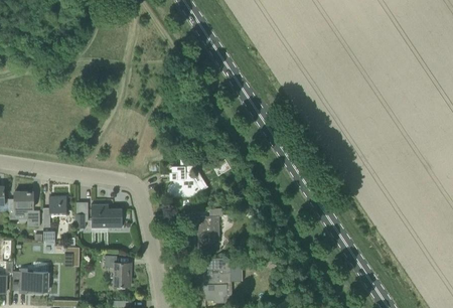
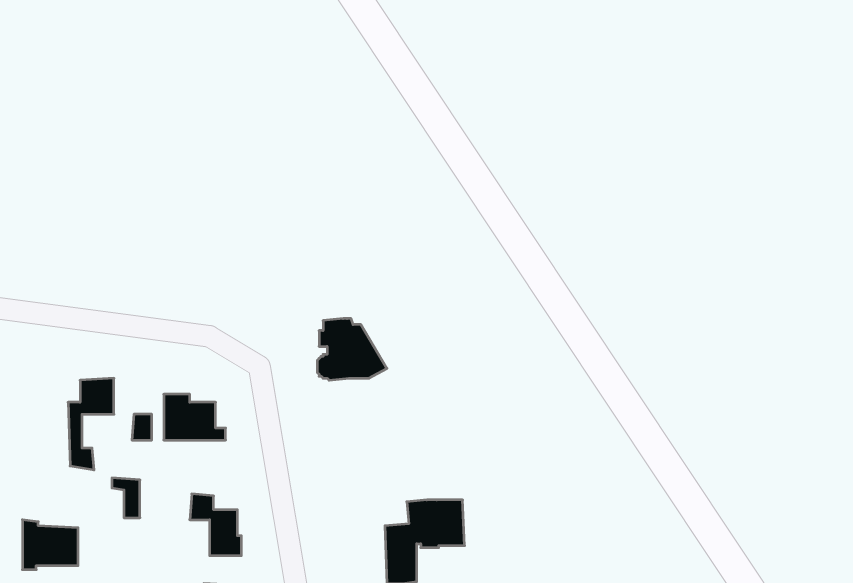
building: [14,191,39,226] -> none
building: [188,208,221,251] -> none

